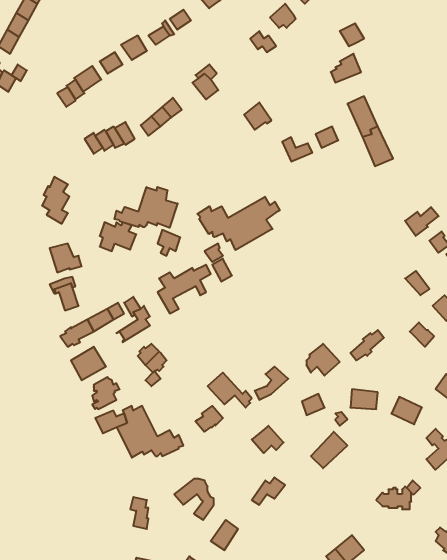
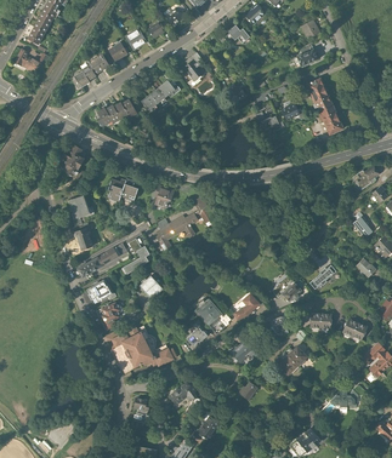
building: [114,187,178,228] -> none
building: [197,197,280,250] -> none

